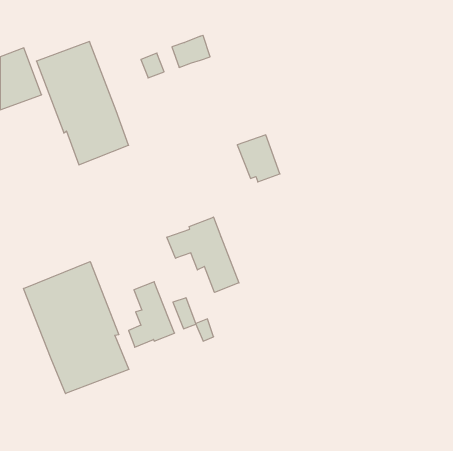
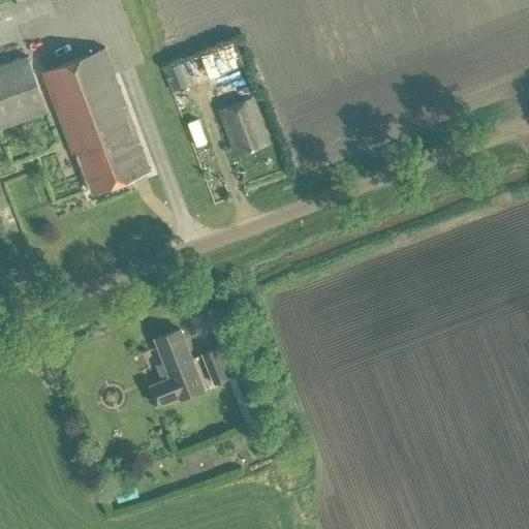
building: [237,135,280,182] -> [219,100,269,155]
building: [167,217,239,292] -> none
building: [24,262,129,394] -> none

